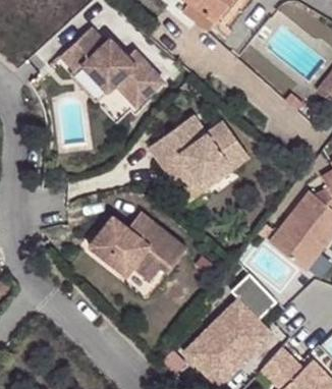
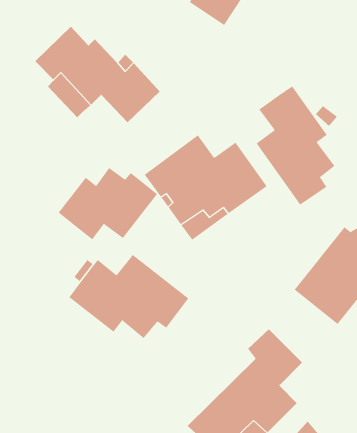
building: none -> [256,86,335,206]
building: none -> [58,167,158,240]

